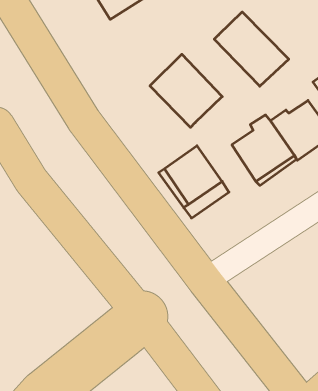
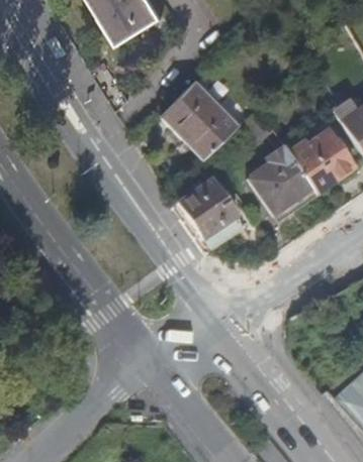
building: [214,12,289,86] -> none

